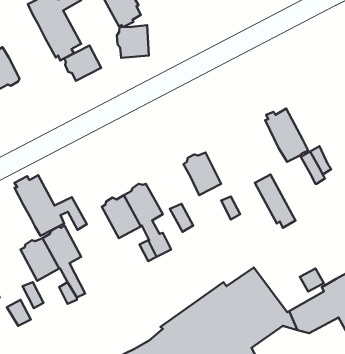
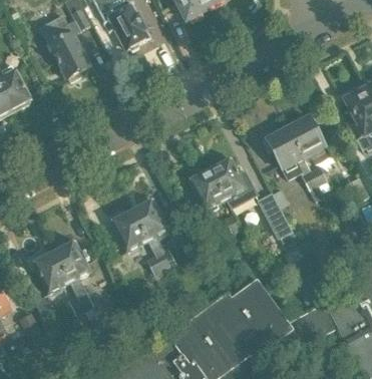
building: [117,25,149,58] -> none
building: [64,45,101,81] -> none
building: none -> [287,114,329,162]
building: none -> [210,157,259,208]
building: [14,175,87,236] -> none

